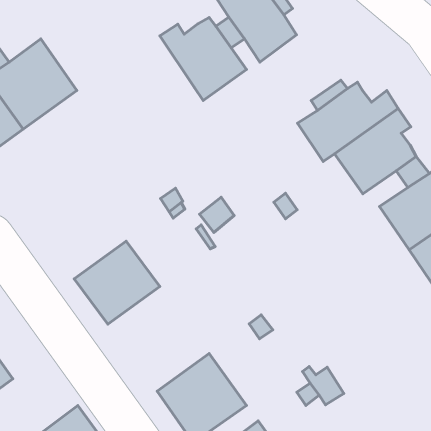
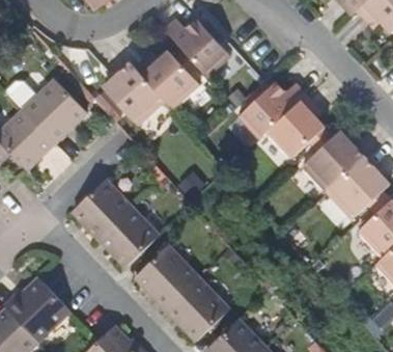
building: none -> [104,61,166,124]
building: none -> [74,181,133,240]
building: none -> [136,247,199,309]

